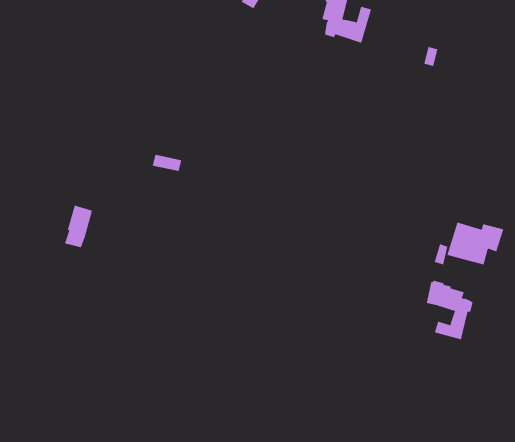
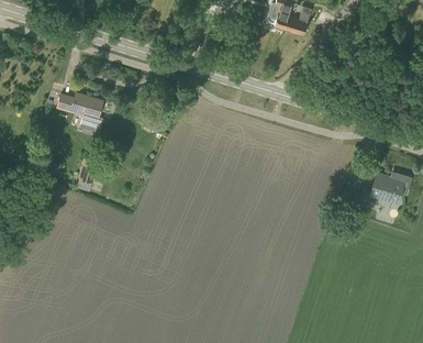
building: none -> [58,92,104,119]
building: [426,280,473,340] -> none

